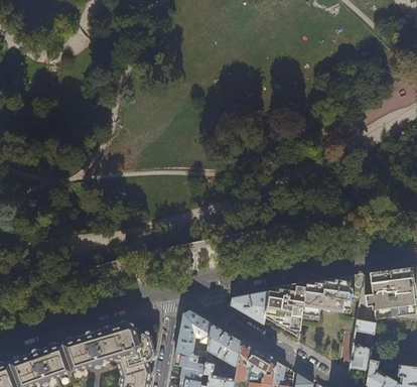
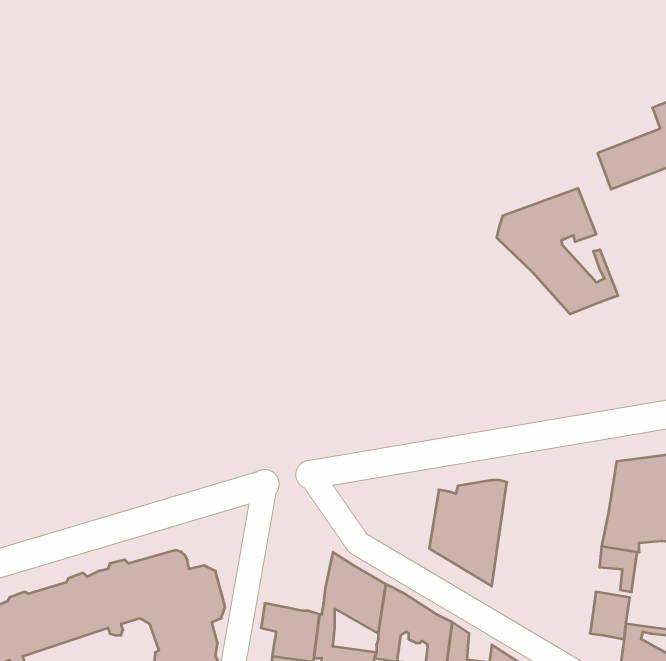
building: none -> [497,188,618,314]
building: [301,276,364,316] -> none
building: [230,291,269,326] -> none
building: [176,311,213,356] -> none

